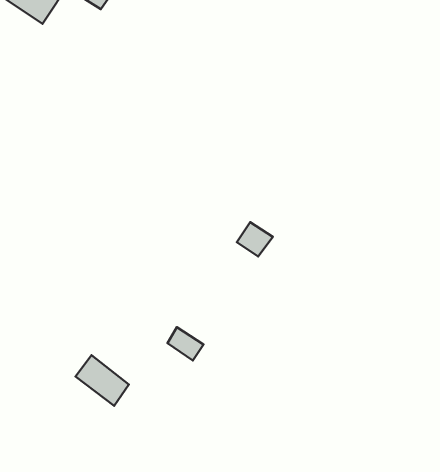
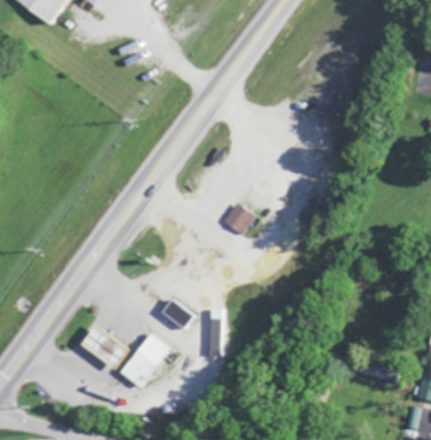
building: none -> [120,332,170,390]

